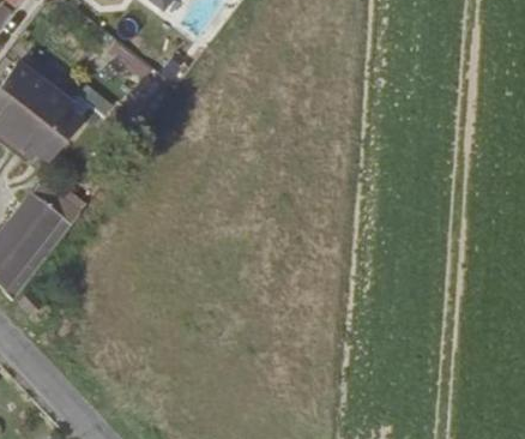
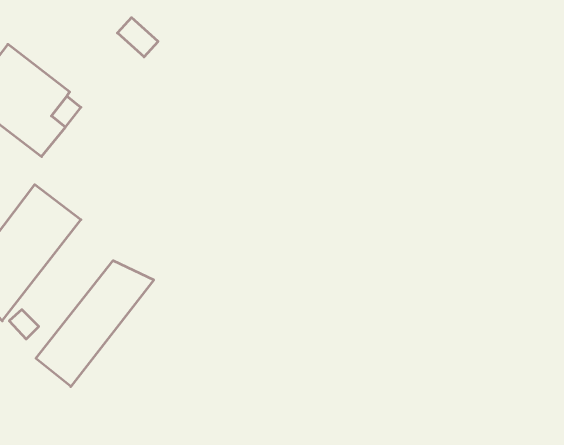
building: none -> [36,261,154,387]

